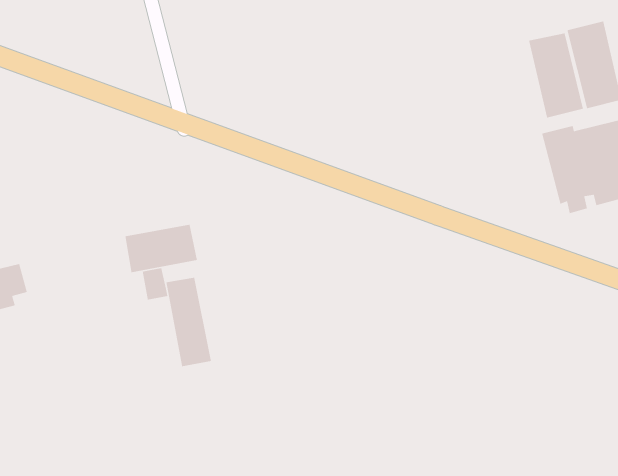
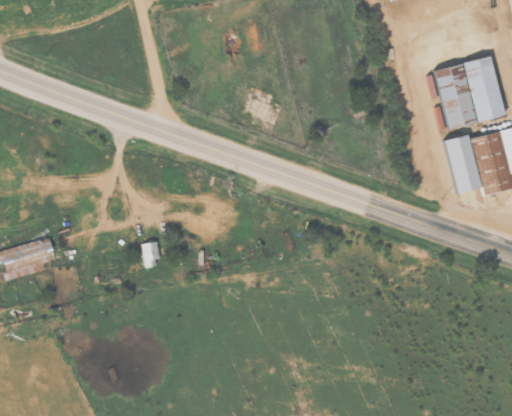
building: [124,224,198,273] -> none
building: [166,277,212,367] -> none

